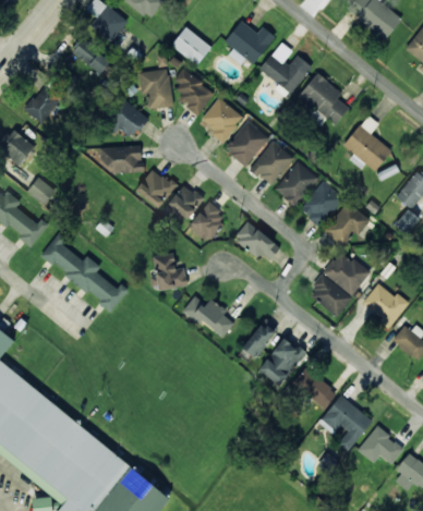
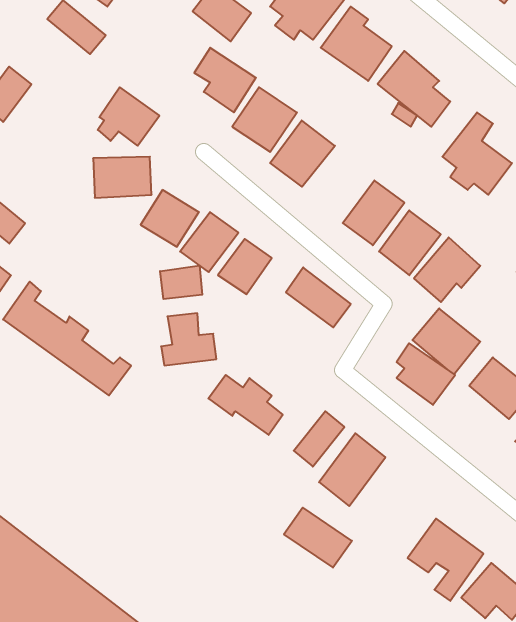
building: [138,70,172,110] -> none
building: [250,141,293,186] -> none
building: none -> [160,266,202,299]
building: [291,368,338,410] -> [284,508,352,568]

